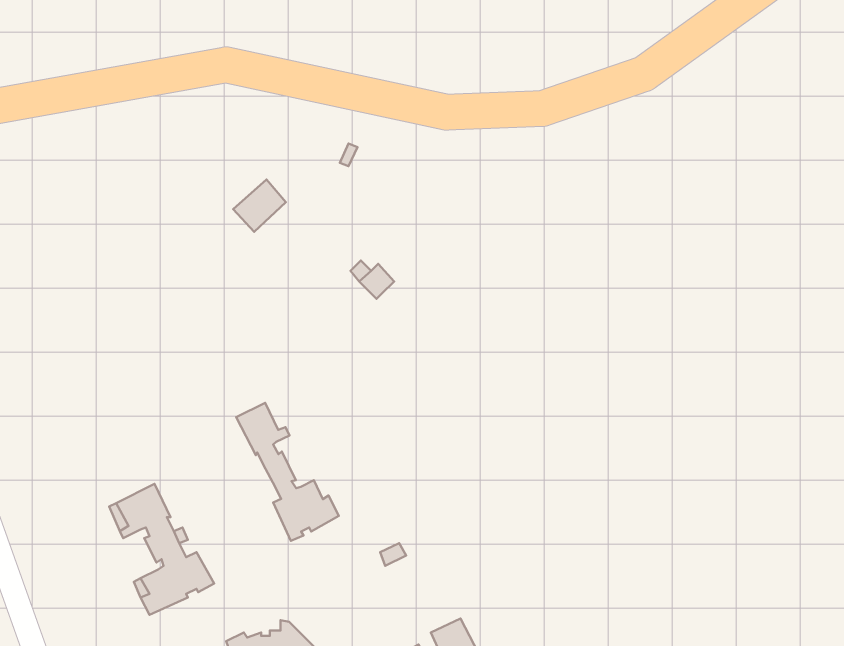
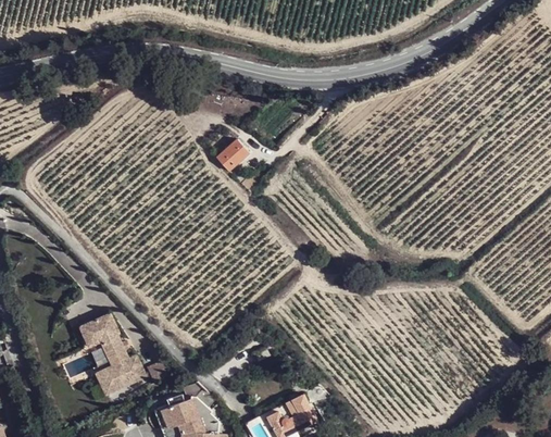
building: [233,179,286,232] -> [213,140,246,173]
building: [236,403,339,541] -> none

